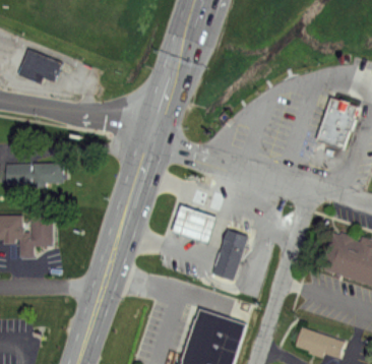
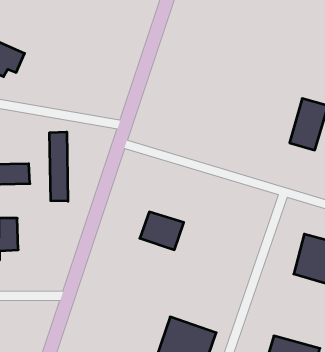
building: none -> [50,132,68,201]
building: [211,233,244,280] -> none

